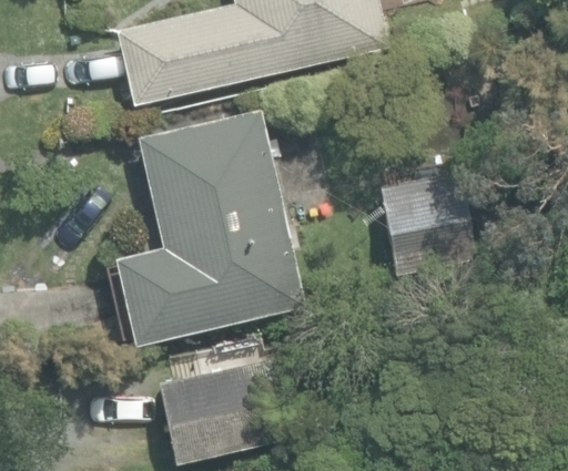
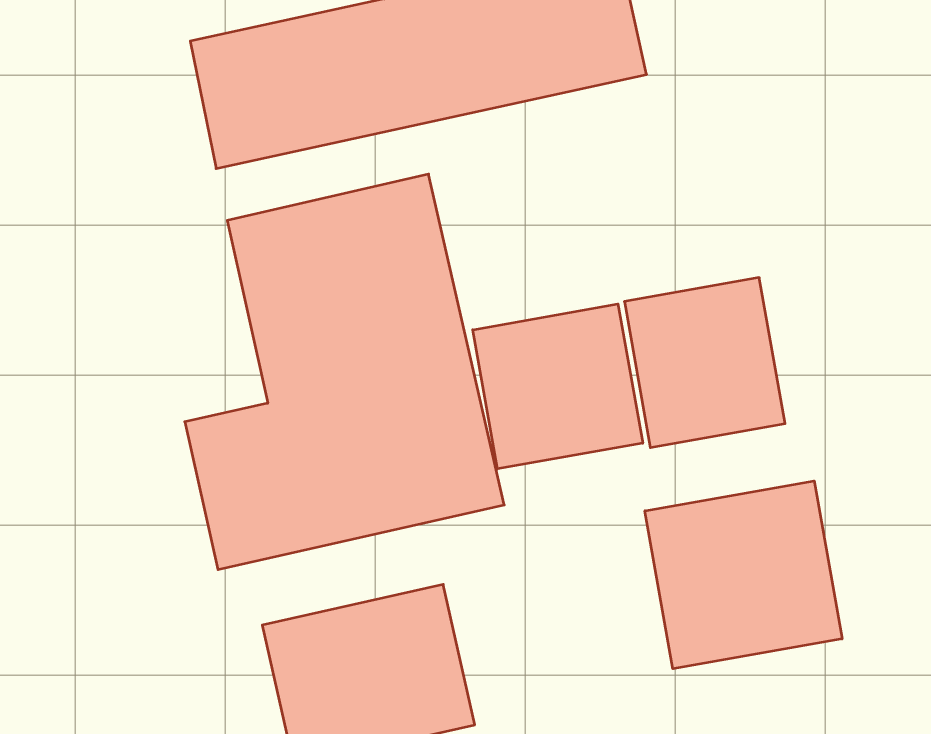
building: none -> [473,304,643,469]
building: none -> [645,481,842,669]

